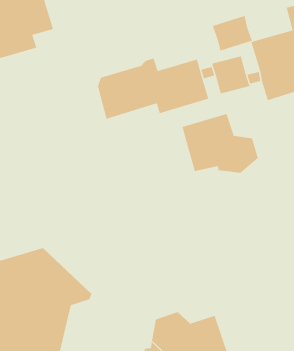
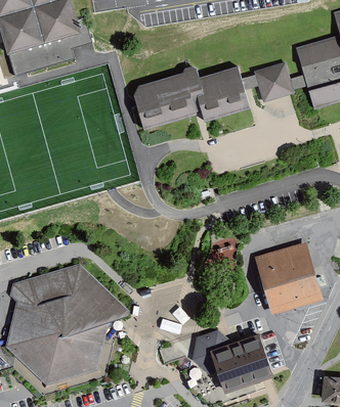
building: [212,15,252,52] -> none
building: [182,113,258,174] -> none
building: none -> [253,241,322,316]

